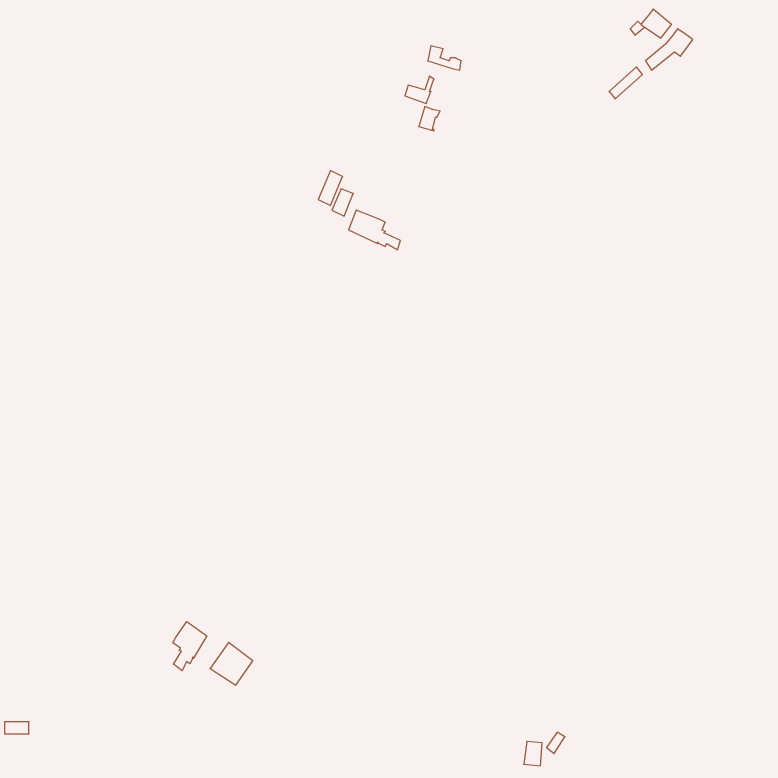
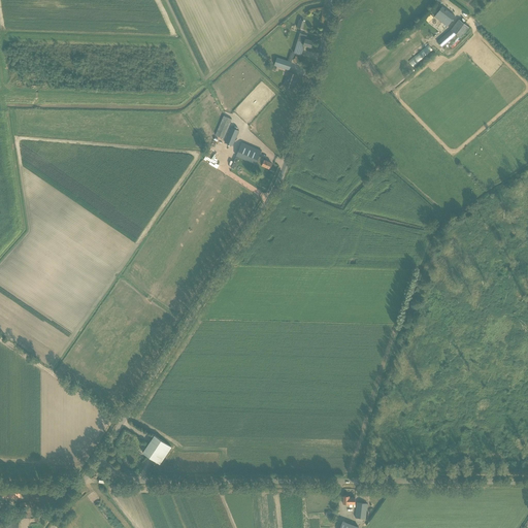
building: [173,622,207,671] -> none

